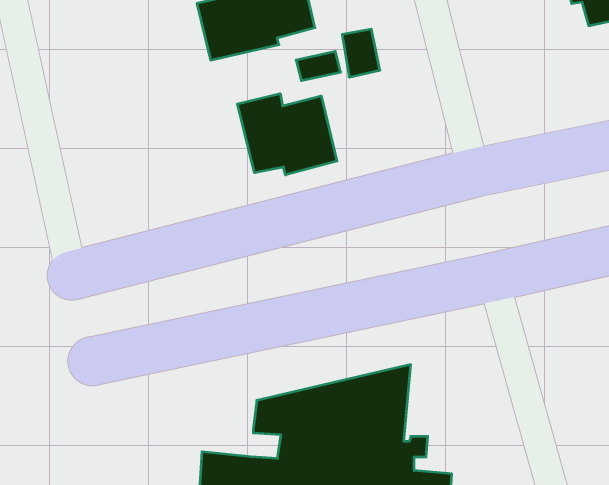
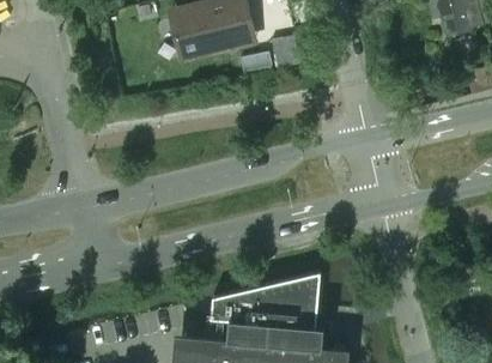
building: [237,94,337,175] -> none

